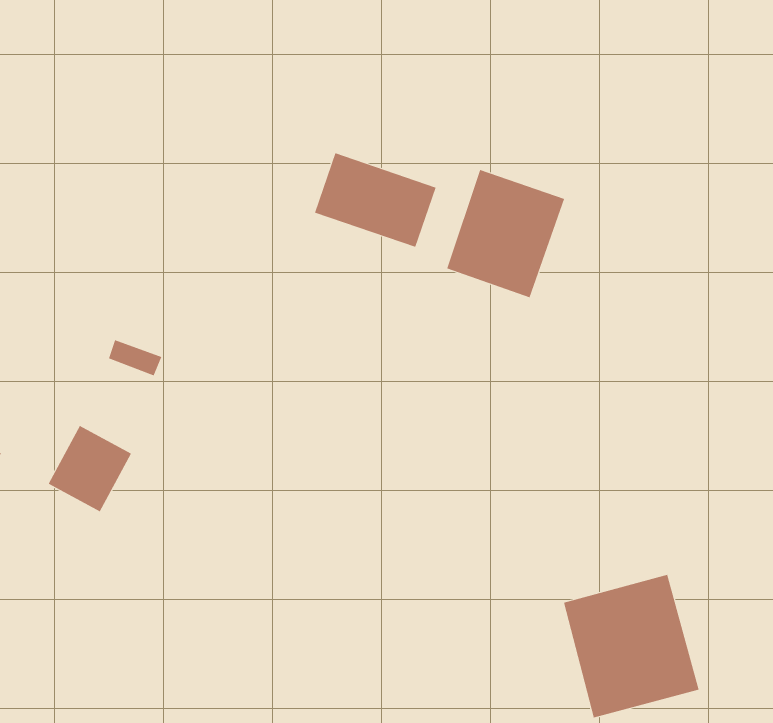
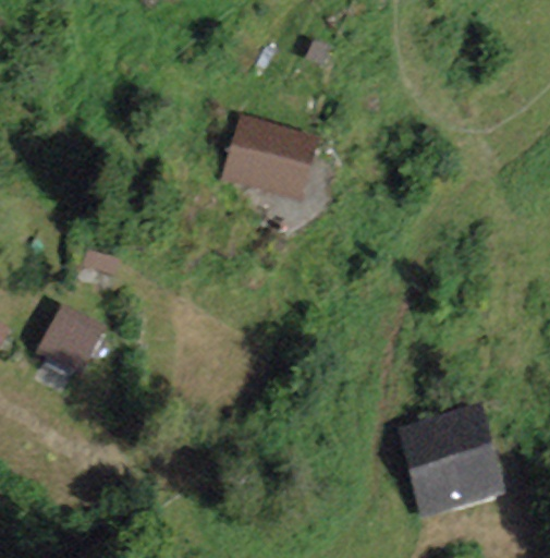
building: [446,169,565,298] -> none

